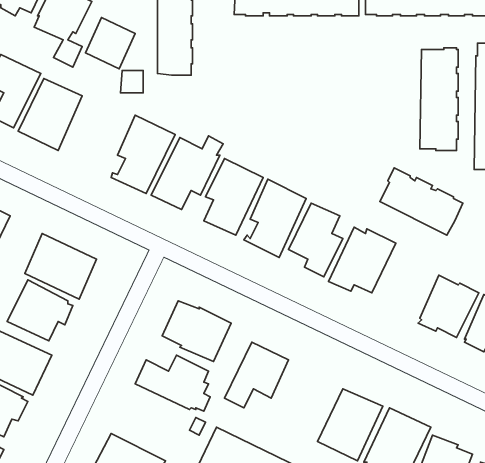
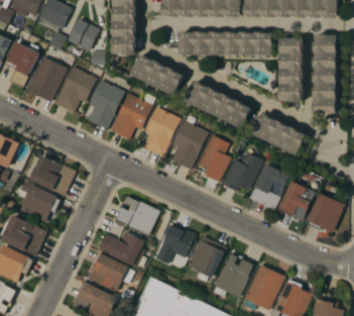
building: none -> [179,31,272,56]
building: none -> [130,54,183,96]
building: none -> [52,67,96,113]
building: none -> [185,80,251,128]
building: none -> [248,164,289,210]
building: none -> [187,235,227,282]
building: none -> [88,253,134,292]

